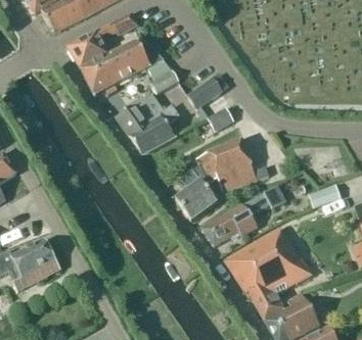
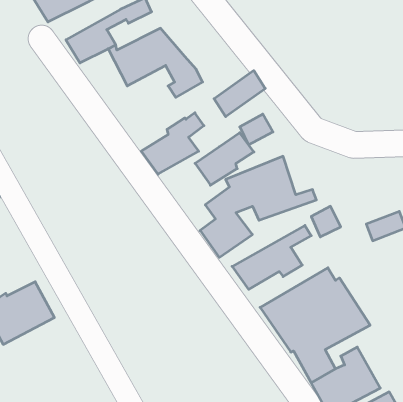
building: [80,53,118,95] -> none
building: [117,93,164,135] -> [195,133,254,185]

